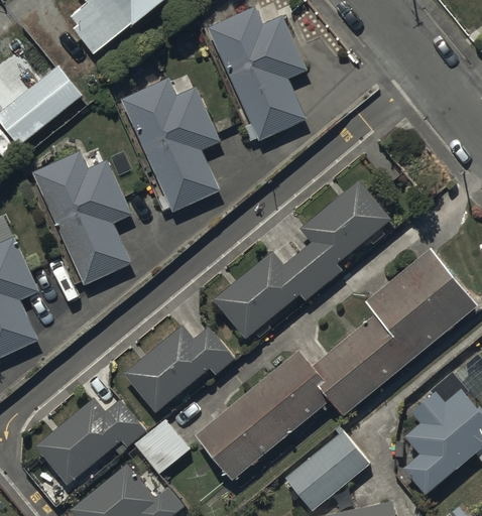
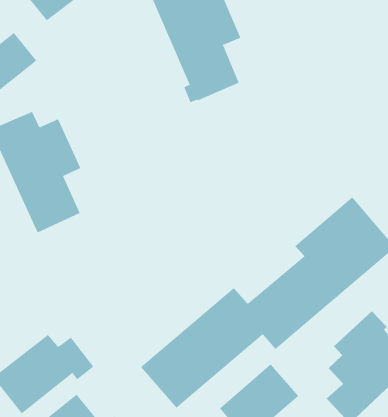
building: [122,78,221,213] -> none
building: [215,179,393,338] -> none
building: [124,325,236,414] -> none
building: [128,419,191,477] -> none

